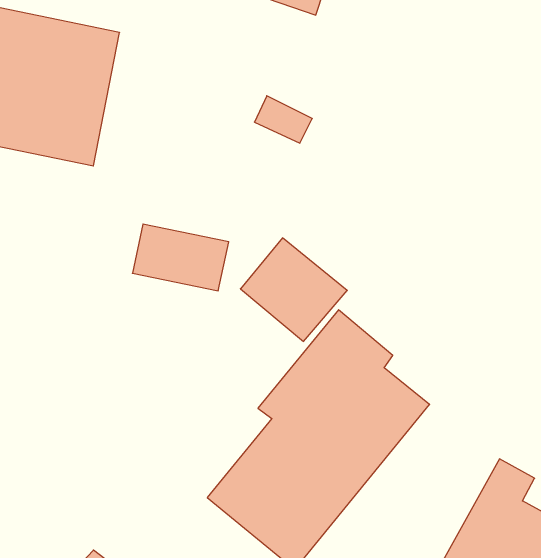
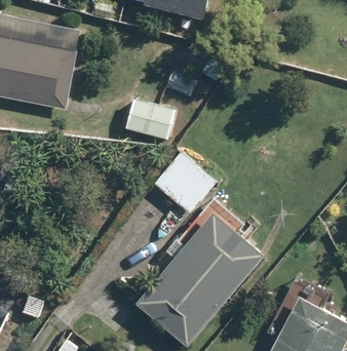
building: [132,224,229,291] -> [121,98,178,136]

